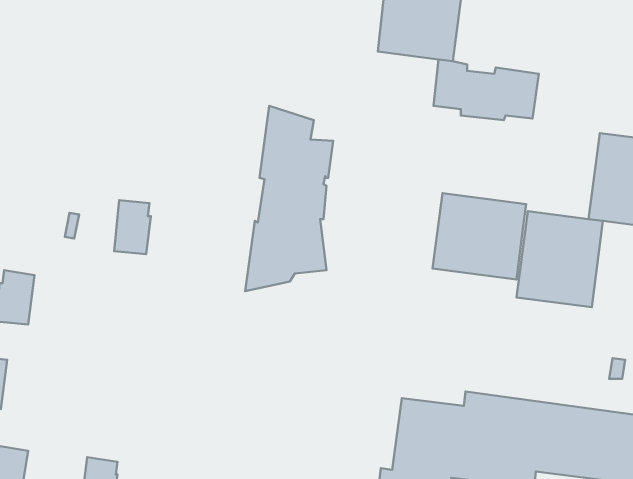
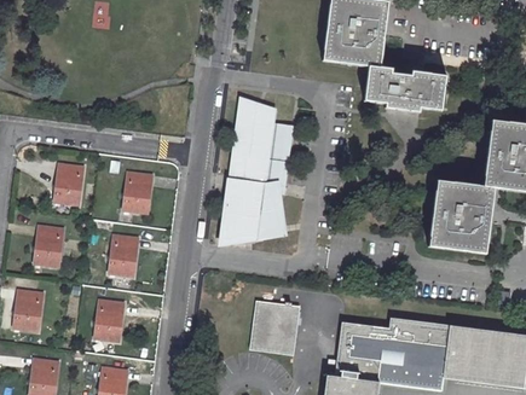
building: none -> [53,163,82,204]
building: [433,193,526,279] -> none
building: none -> [109,234,137,275]
building: none -> [94,300,122,339]
building: none -> [249,300,299,354]

